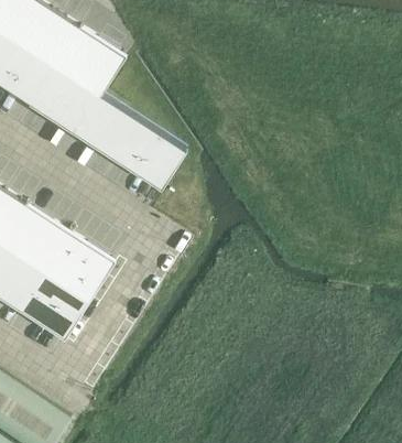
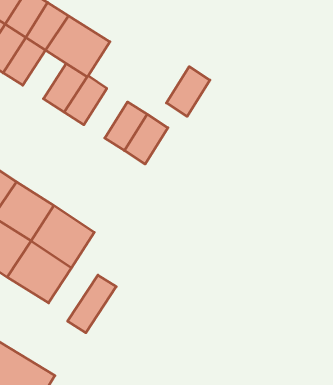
building: [32,67,78,119] -> none
building: [97,108,143,161] -> [166,67,210,116]
building: none -> [68,275,116,333]

